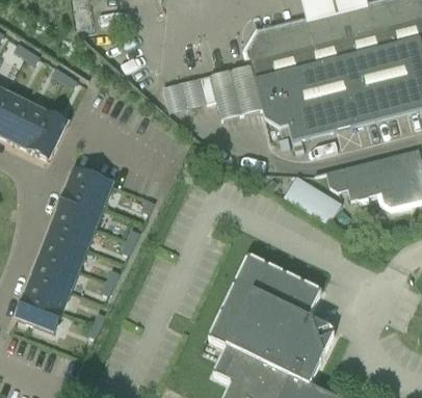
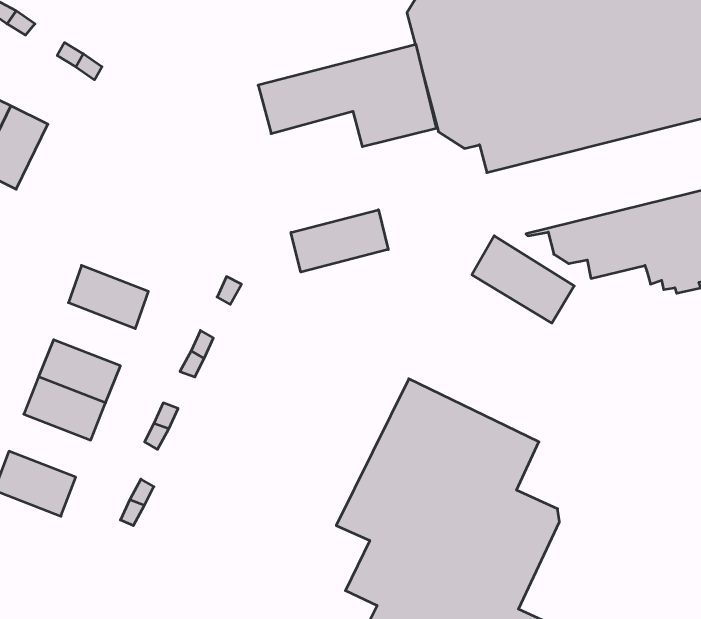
building: [28,111,67,158] -> none
building: none -> [291,210,388,272]
building: [64,168,111,205] -> none
building: [49,211,95,246] -> none
building: [24,273,70,309] -> none

